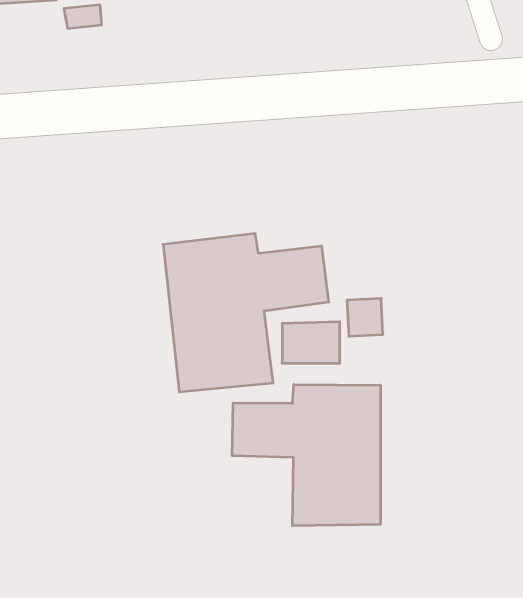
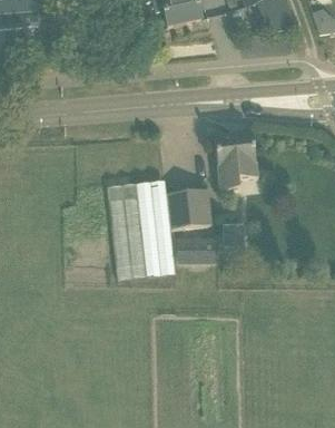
building: none -> [214,134,257,192]
building: [232,384,380,526] -> none

